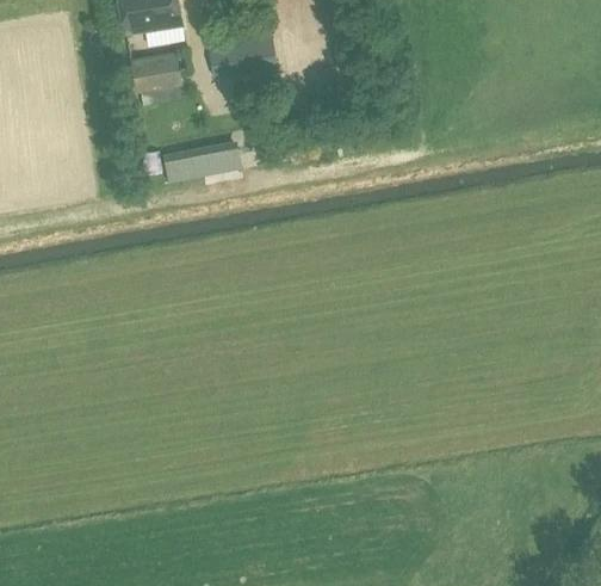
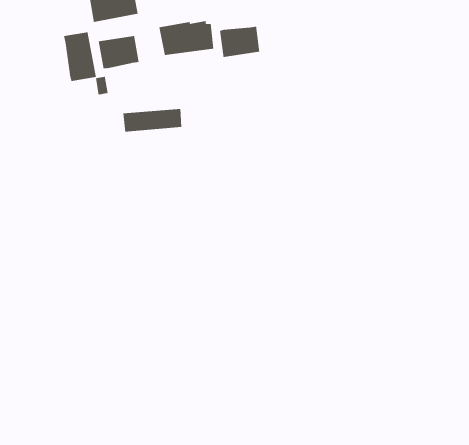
building: none -> [220,26,260,58]
building: none -> [63,31,96,82]

